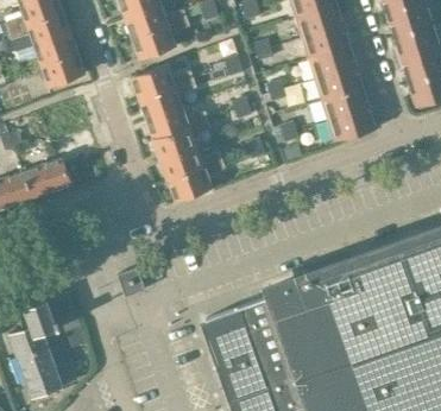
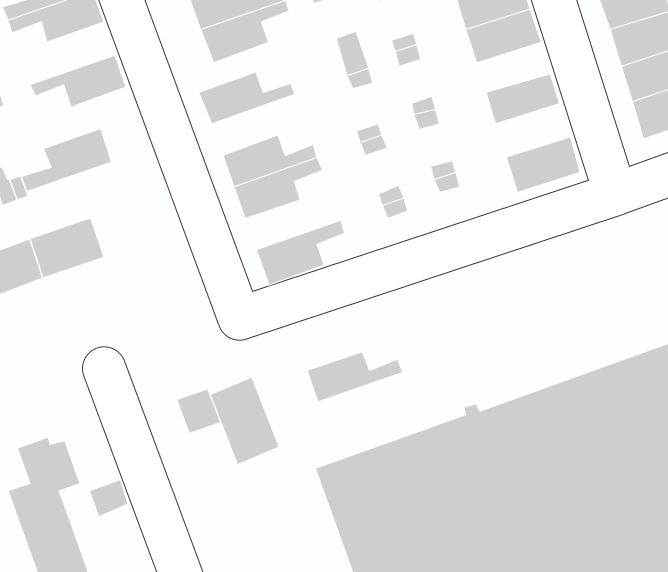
building: [19,32,77,72] -> [21,128,112,191]
building: [309,45,357,77] -> none
building: [139,78,196,118] -> none
building: [321,84,370,119] -> none
building: [160,146,222,178] -> [307,352,403,402]
building: none -> [210,377,279,465]

